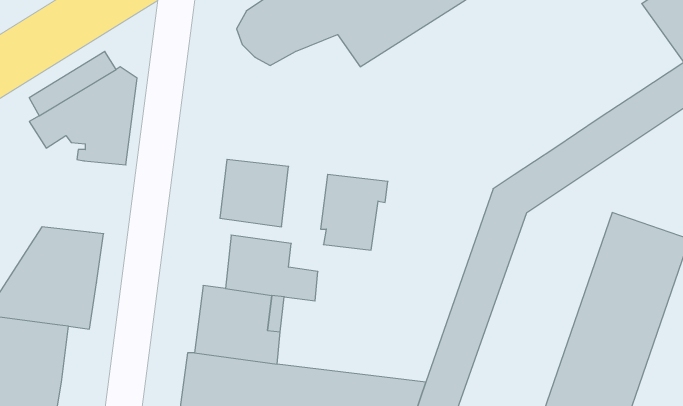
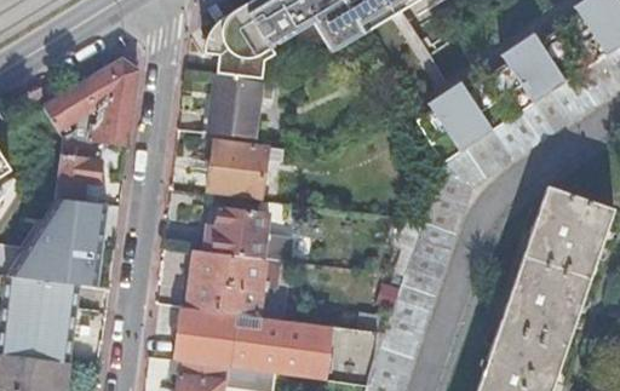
building: none -> [503,34,570,107]
building: none -> [426,81,498,155]
building: none -> [54,139,101,205]
building: [321,174,388,250] -> [209,74,268,139]

